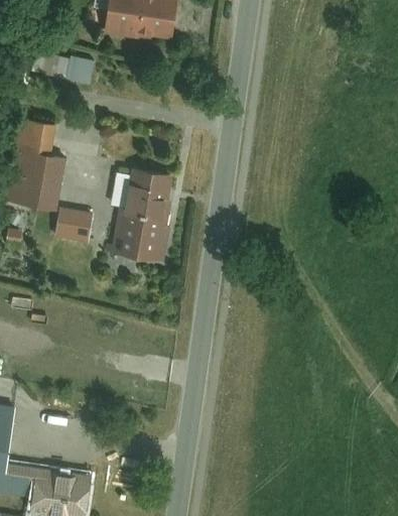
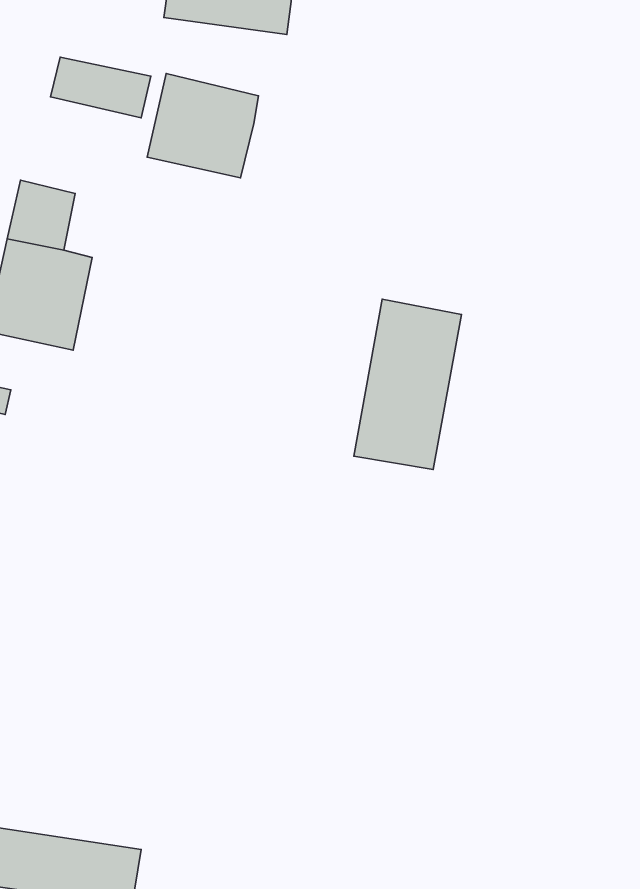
building: none -> [147,73,259,178]
building: [116,166,173,257] -> [354,299,462,469]
building: [54,207,92,241] -> none

